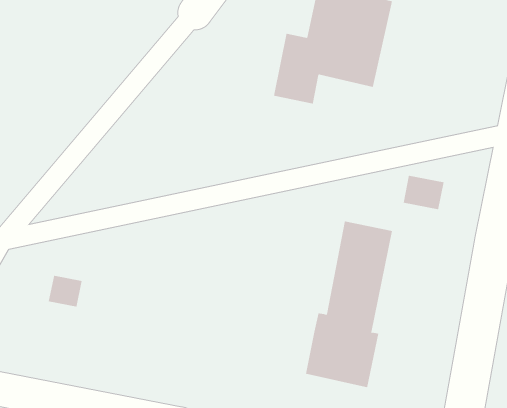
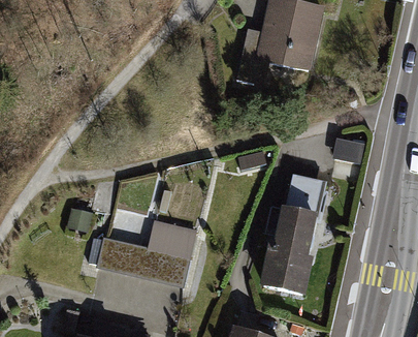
building: none -> [99,222,197,290]

